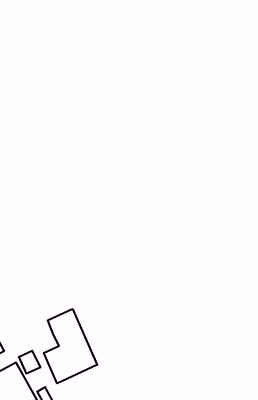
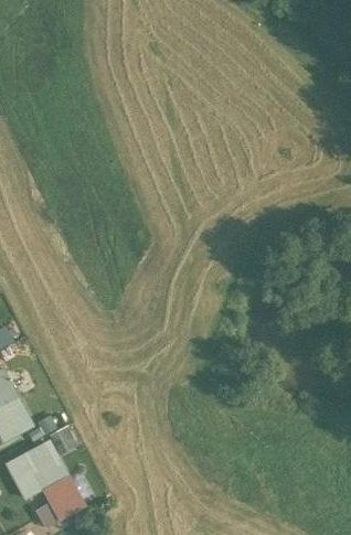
building: [44,309,97,383] -> none

